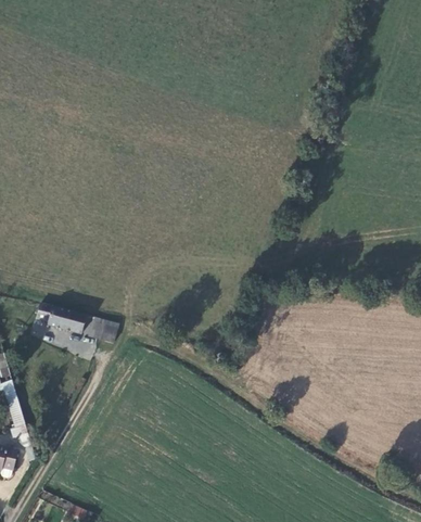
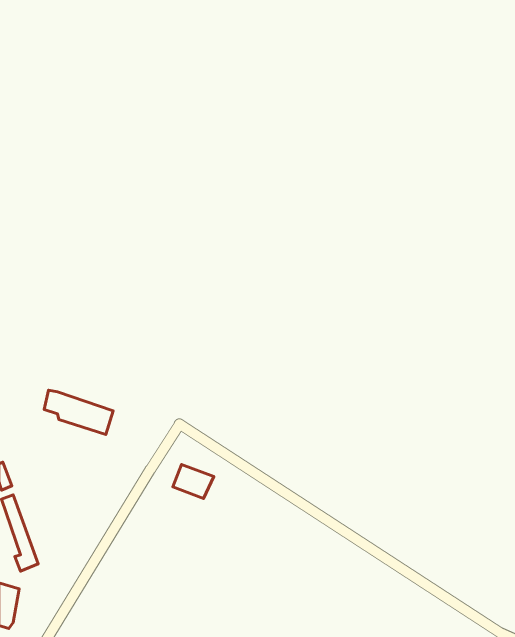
building: [86,319,116,344] -> [173,465,214,498]

